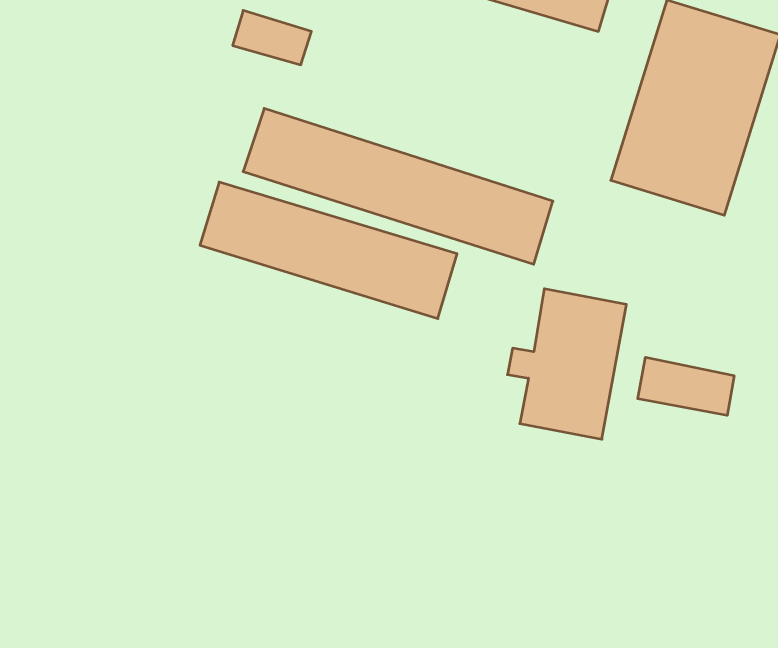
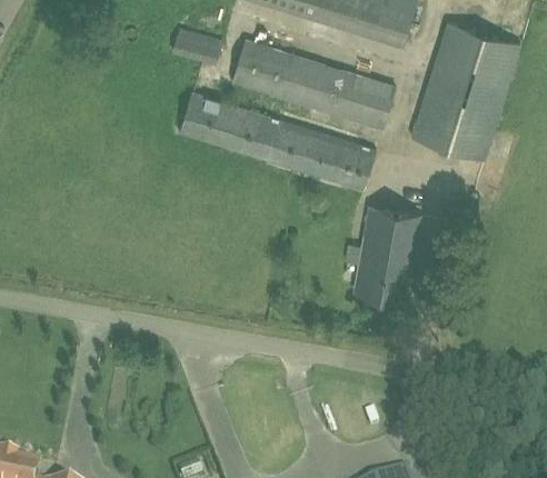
building: [200,182,457,319] -> [231,42,395,129]
building: [638,357,734,415] -> none

